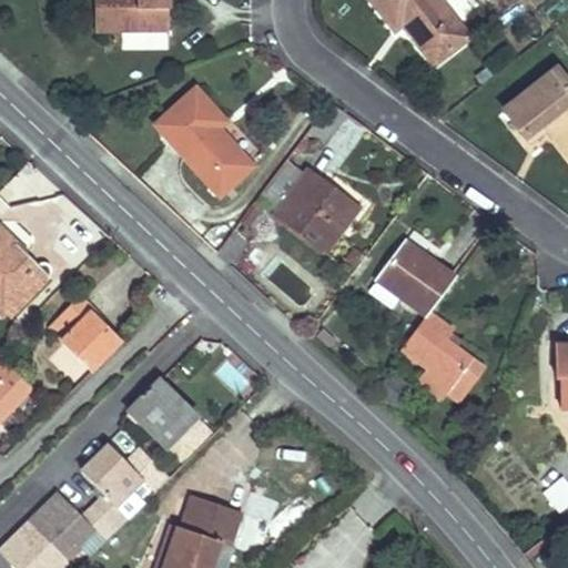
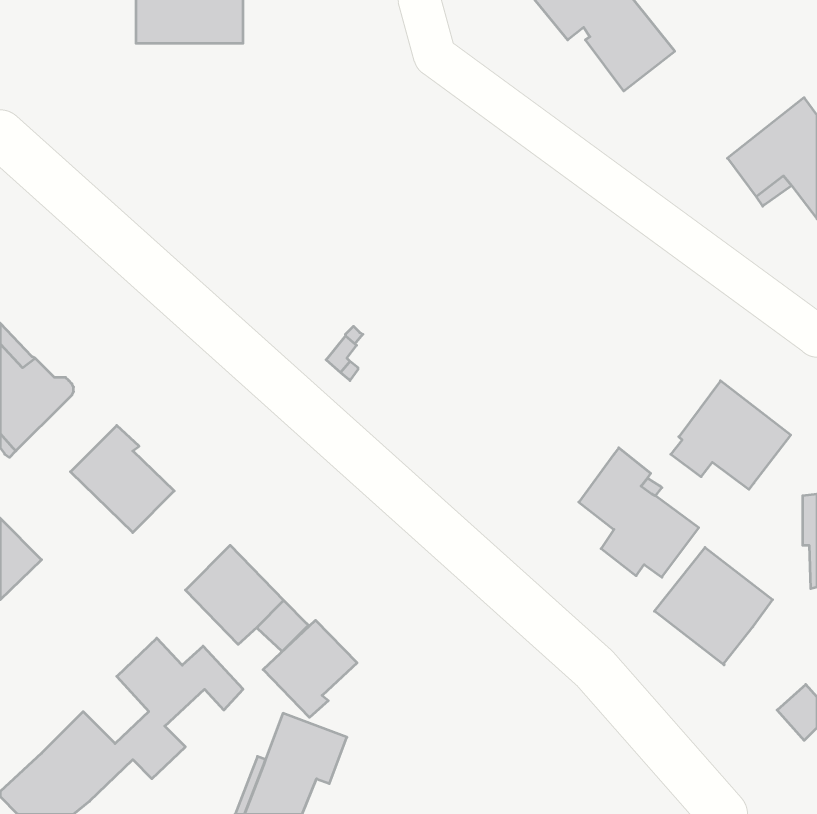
building: [155,87,253,196] -> none
building: [258,160,359,252] -> none
building: [372,240,455,315] -> [671,381,791,489]
building: none -> [654,547,773,665]
building: none -> [263,620,357,717]

